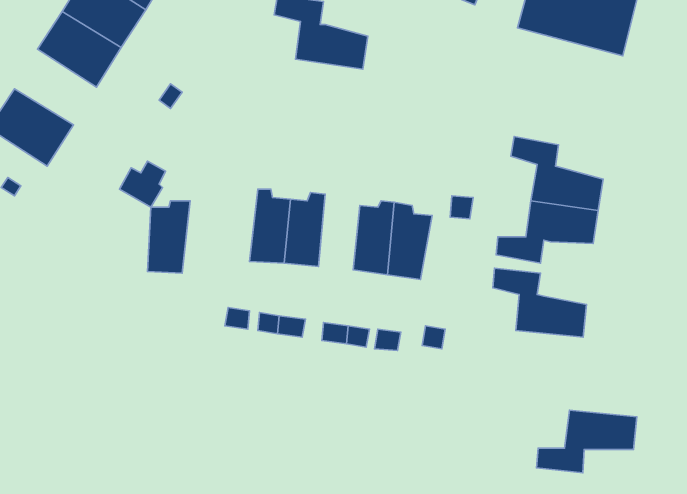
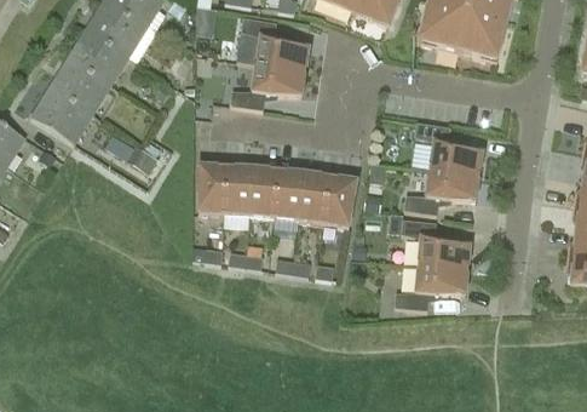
building: none -> [48,57,109,113]
building: none -> [229,64,305,109]
building: none -> [272,164,303,219]
building: [148,201,190,273] -> [196,160,228,213]
building: [537,410,637,473] -> [393,264,467,310]

